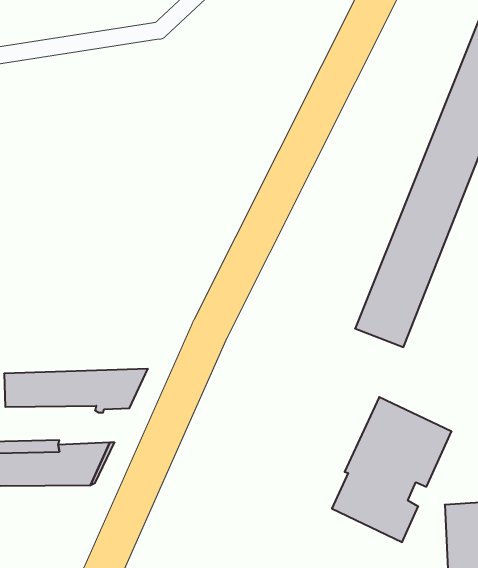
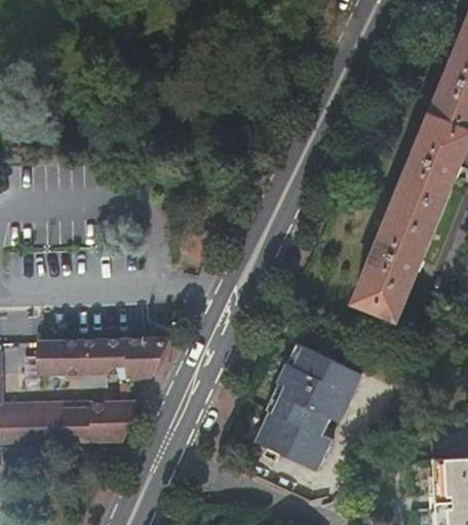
building: [332,397,452,542] -> [255,341,361,471]

